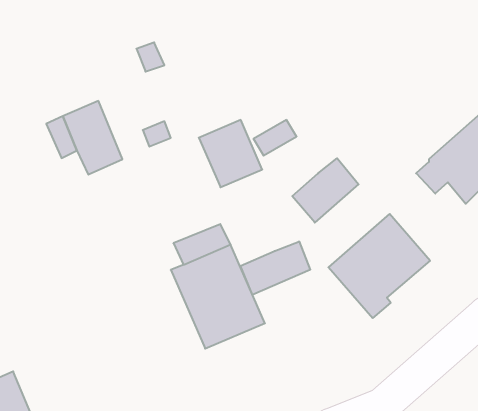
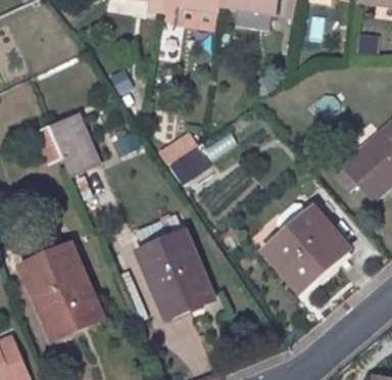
building: [292,158,359,223] -> none
building: [240,241,310,295] -> none
building: none -> [21,246,102,338]

